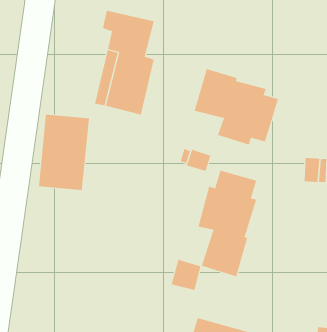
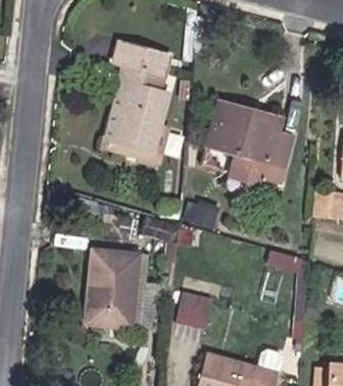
building: [38,114,90,191] -> [88,251,140,328]
building: [198,170,257,277] -> none

